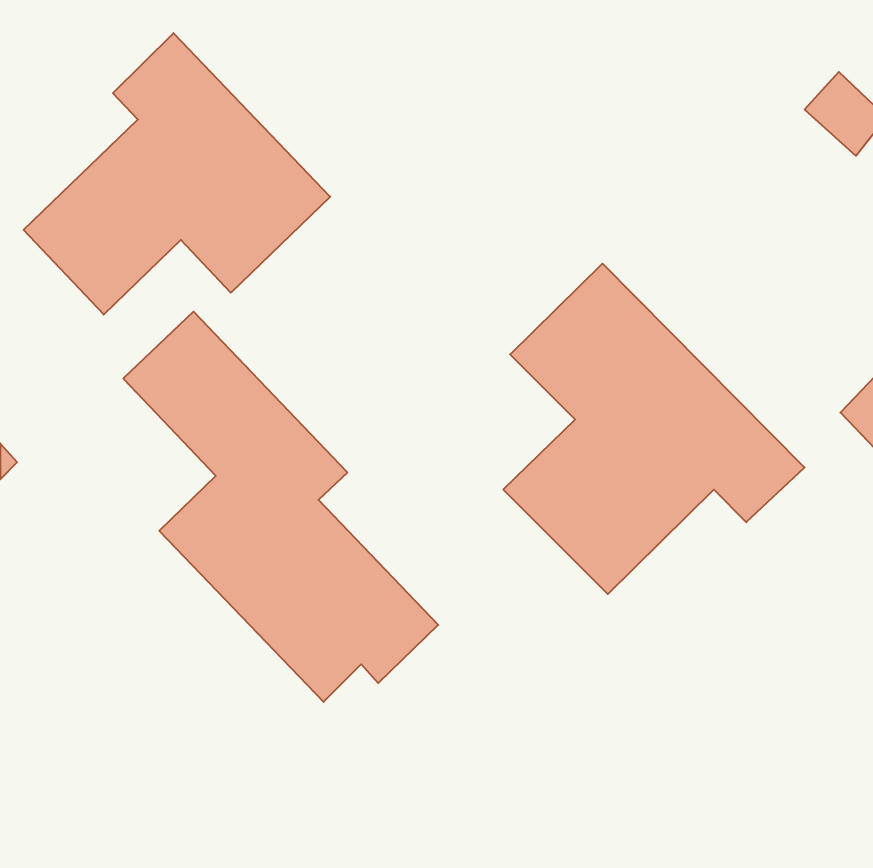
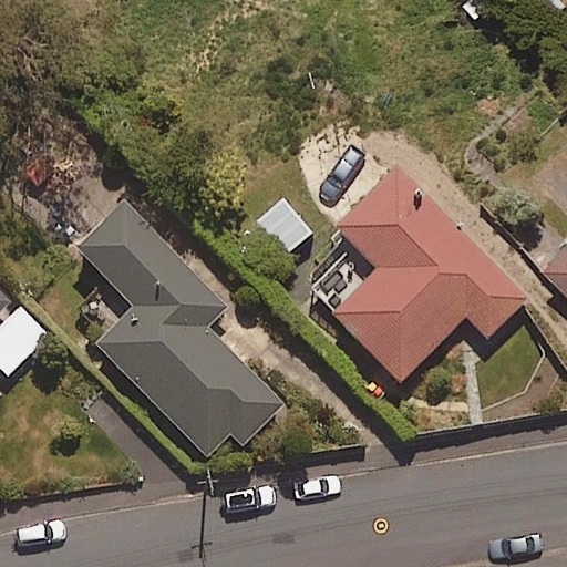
building: [24,33,330,315] -> none

